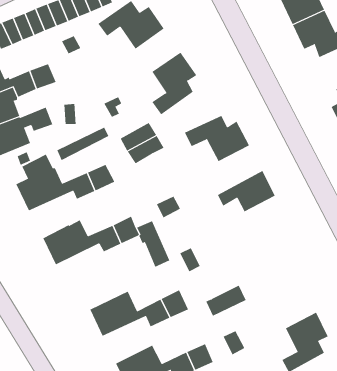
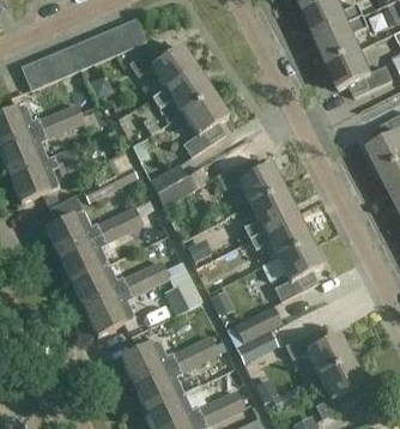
building: none -> [152,68,212,113]
building: none -> [243,188,296,238]
building: none -> [56,235,109,283]
building: none -> [274,240,322,301]
building: none -> [84,289,135,338]
building: none -> [234,308,277,345]
building: none -> [284,326,351,375]
building: none -> [132,363,183,411]

